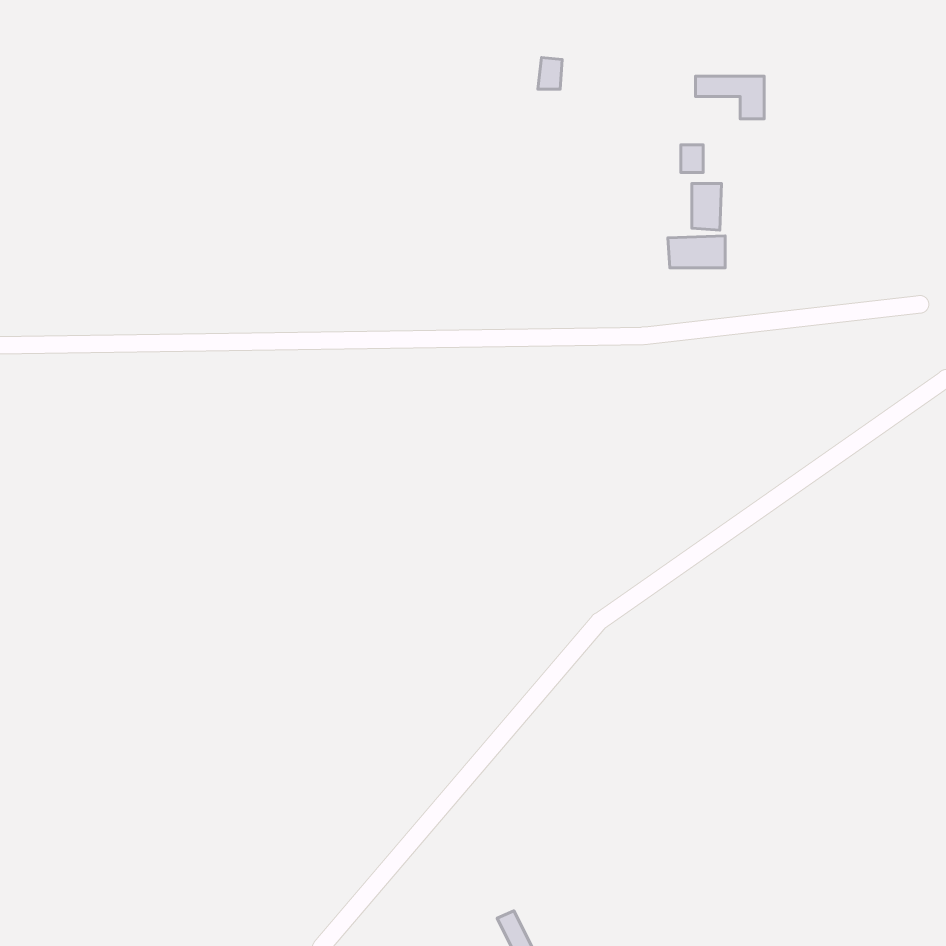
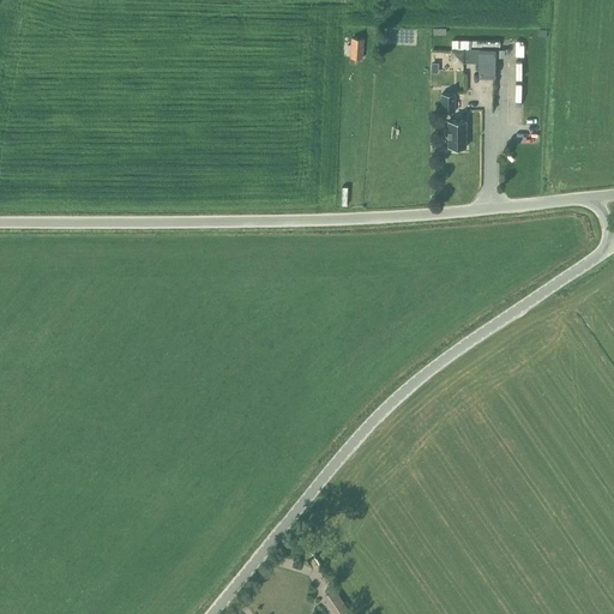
building: [668,236,725,268] -> none

